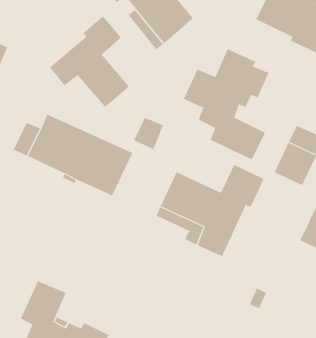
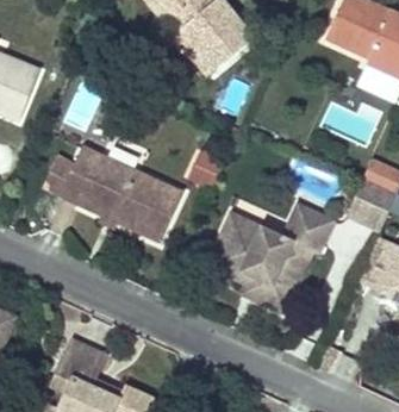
building: [49,16,130,108] -> none
building: [183,48,269,160] -> none

